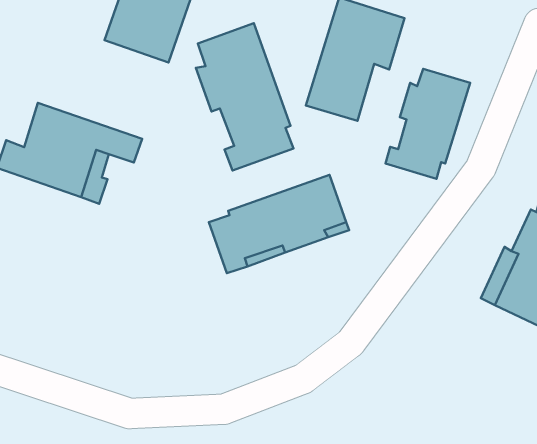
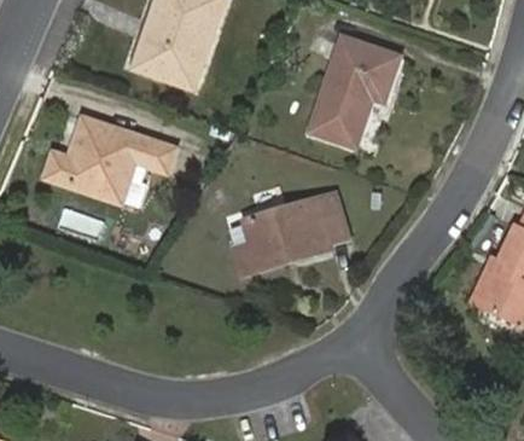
building: [196,23,294,170] -> none
building: [385,69,470,179] -> none

